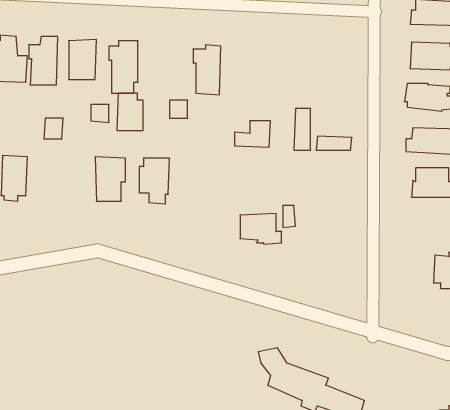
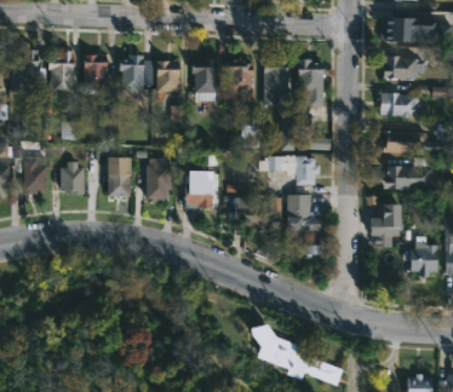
building: none -> [228,58,254,100]
building: none -> [264,60,289,105]
building: none -> [296,60,322,108]
building: [117,93,143,131] -> [156,59,179,92]
building: none -> [258,157,320,186]
building: none -> [61,161,85,194]
building: none -> [185,175,219,208]
building: none -> [286,195,321,244]
building: none -> [372,204,402,248]

